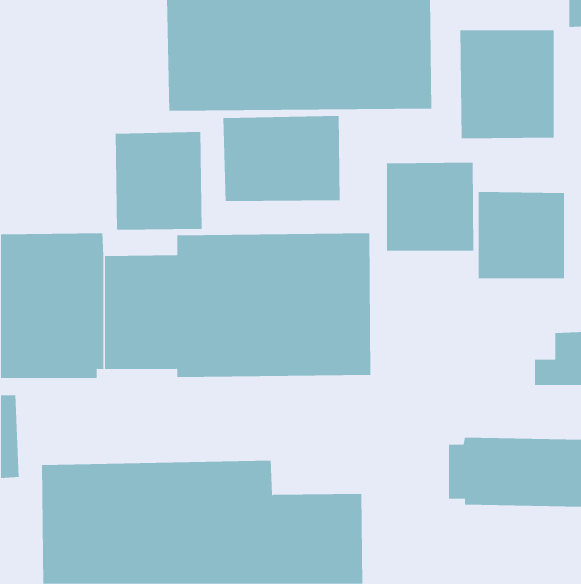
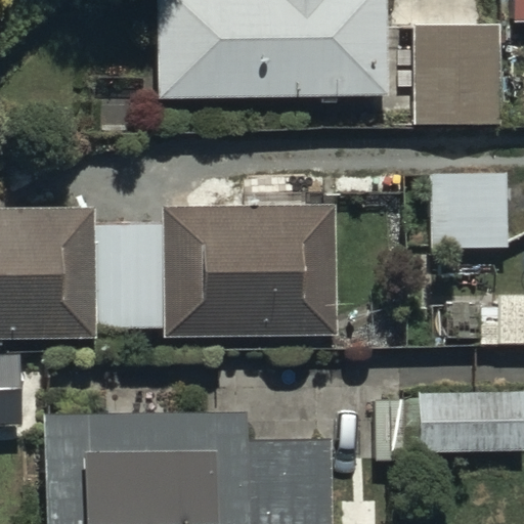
building: [223,115,340,202] -> none
building: [115,131,202,231] -> none
building: [386,162,474,251] -> none

